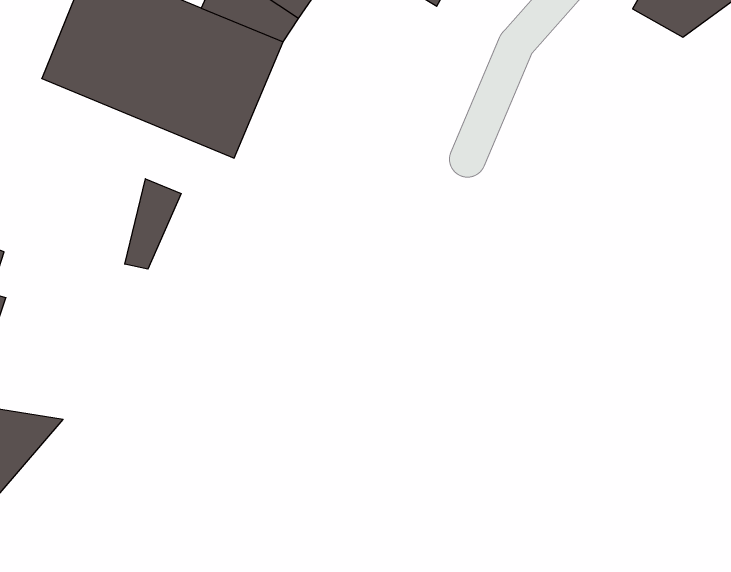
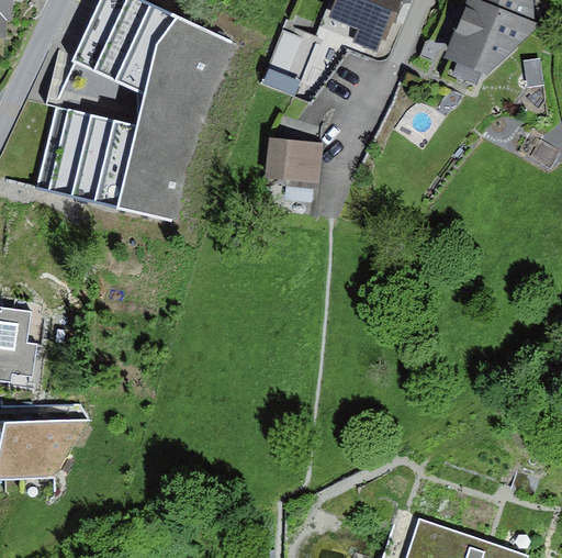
building: none -> [266,137,323,188]
building: [125,179,181,269] -> none

